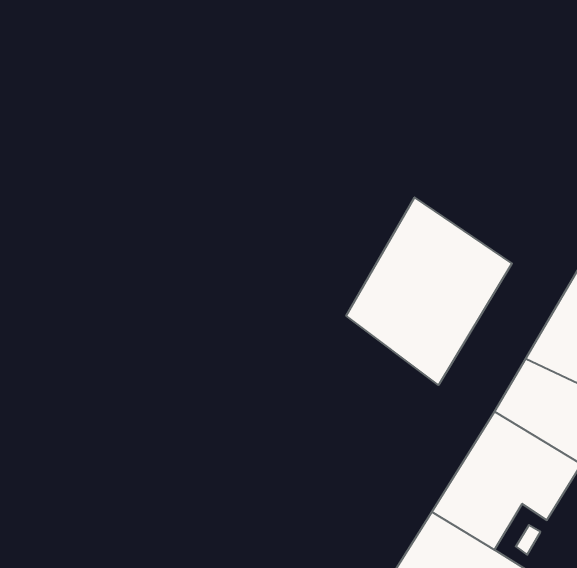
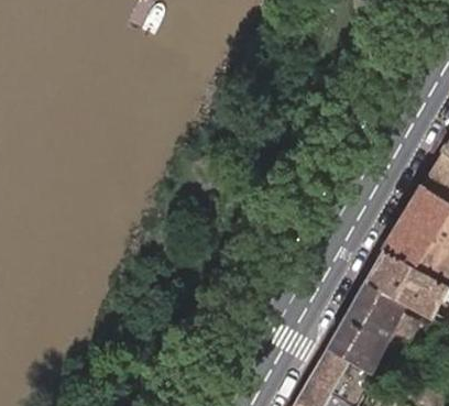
building: [346,197,512,385] -> none

